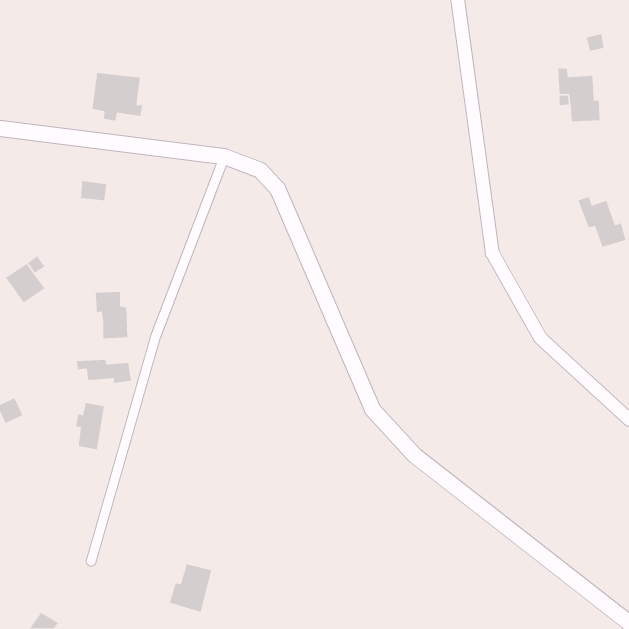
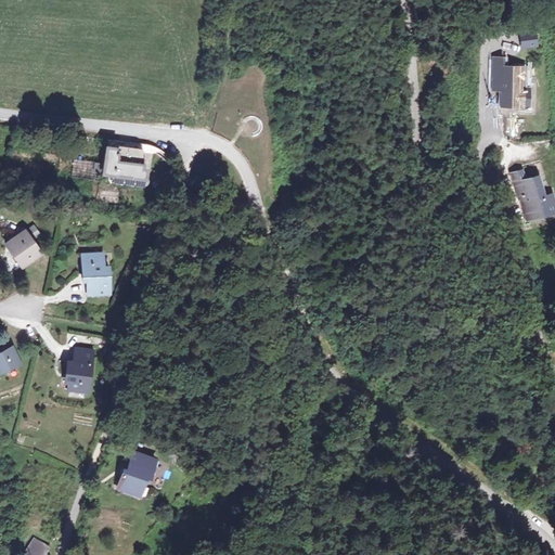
building: [92,72,143,122] -> [101,138,146,181]
building: [76,359,132,384] -> none
building: [169,564,212,613] -> [115,453,153,496]

